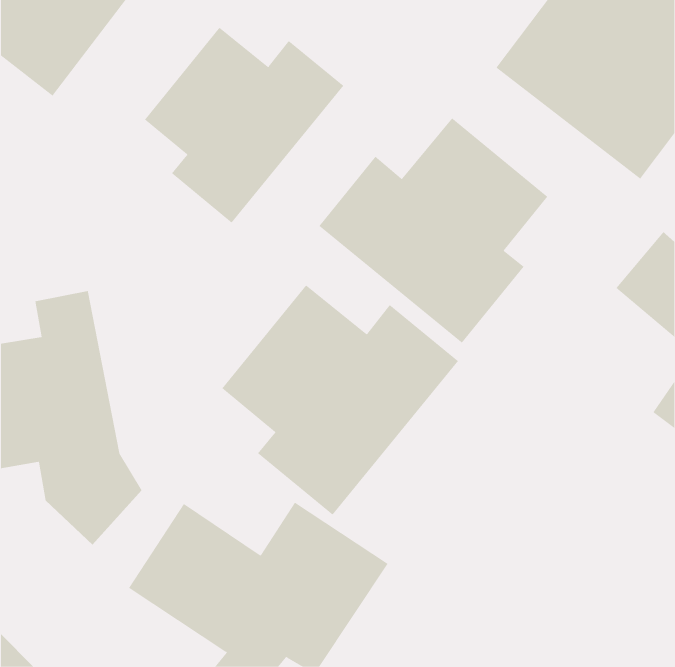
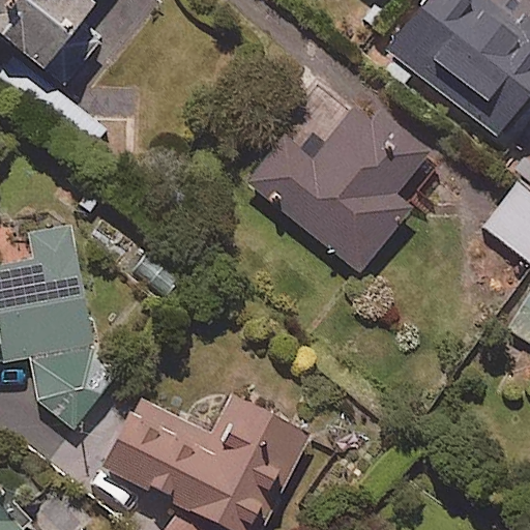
building: [144,27,344,223] -> none
building: [222,285,459,515] -> none

